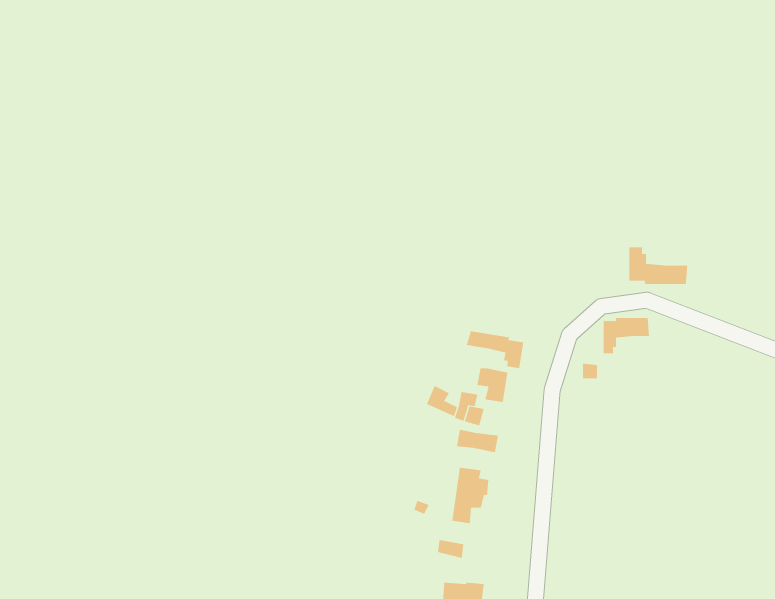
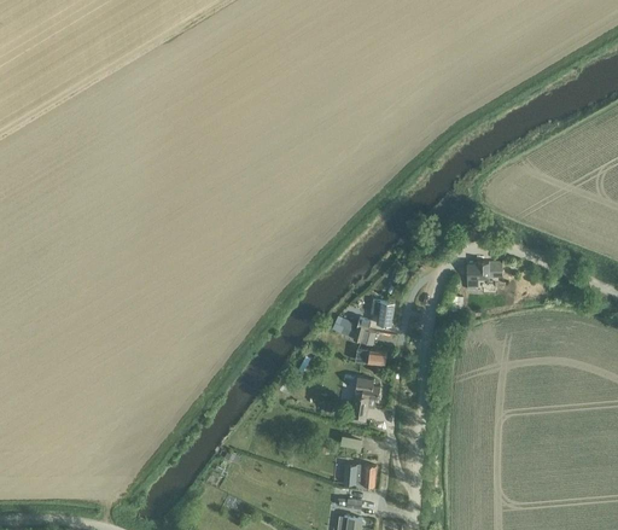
building: [629,247,688,285] -> none
building: [466,330,524,369] -> none

